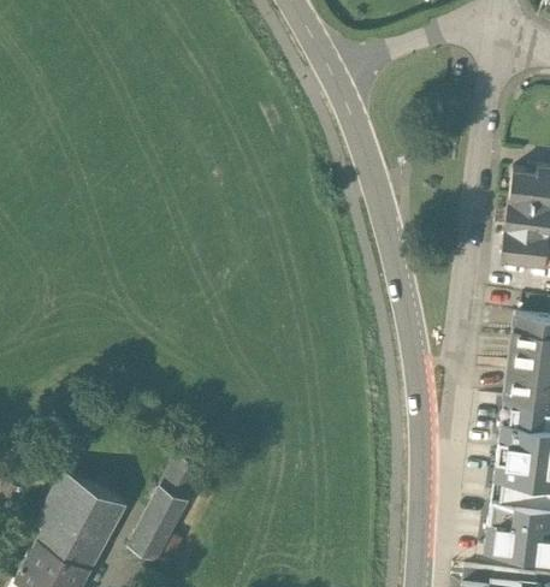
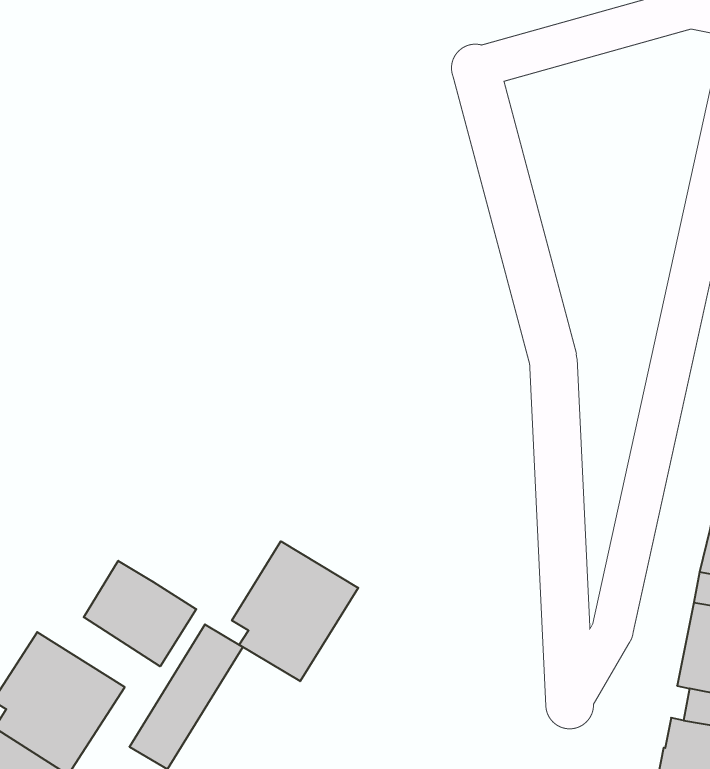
building: none -> [232,541,358,681]
building: none -> [84,561,196,666]

